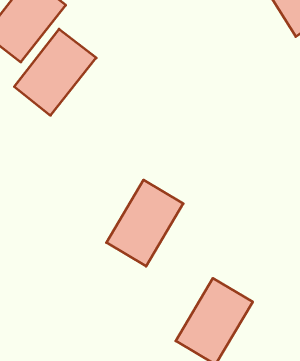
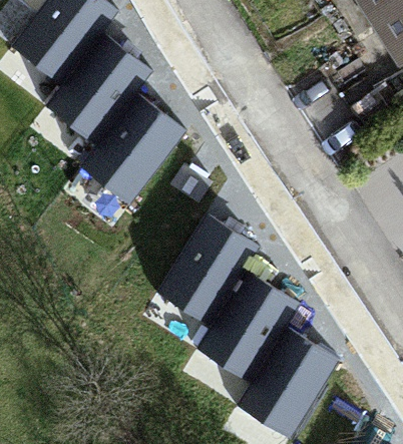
building: none -> [88,97,185,199]
building: none -> [205,277,296,379]

